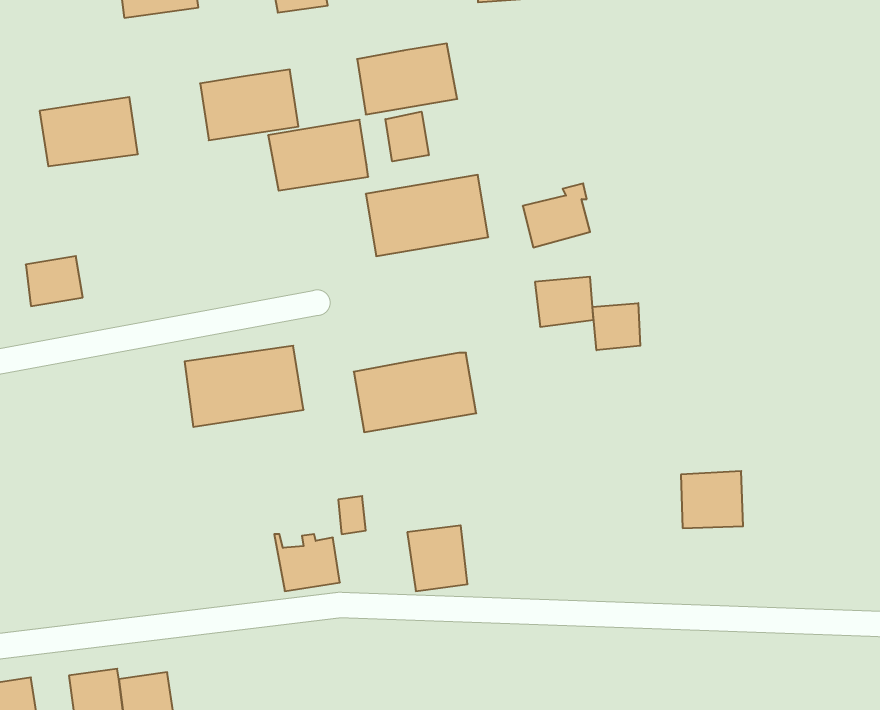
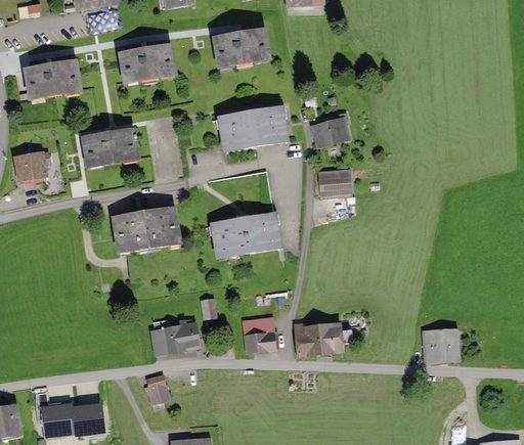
building: [385,112,429,161] -> none
building: [268,120,368,191] -> [80,127,139,169]
building: [593,303,640,350] -> none
building: [681,471,743,528] -> [423,325,460,359]
building: none -> [149,318,169,355]
building: none -> [295,318,342,353]
building: none -> [143,373,168,401]

